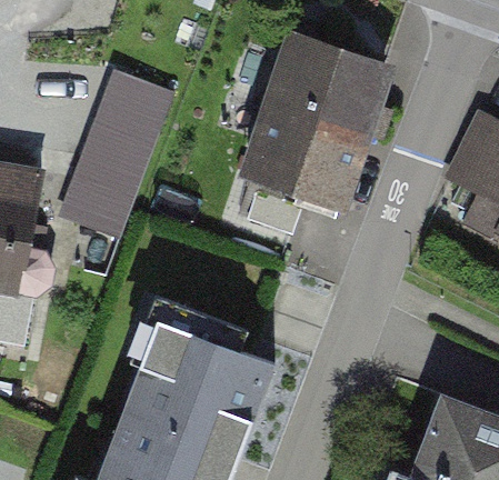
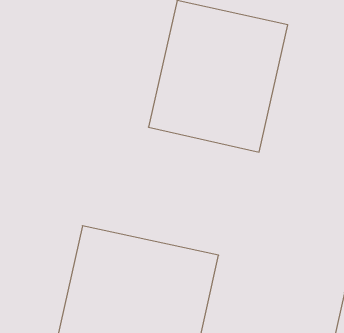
building: [60,69,177,240] -> none

